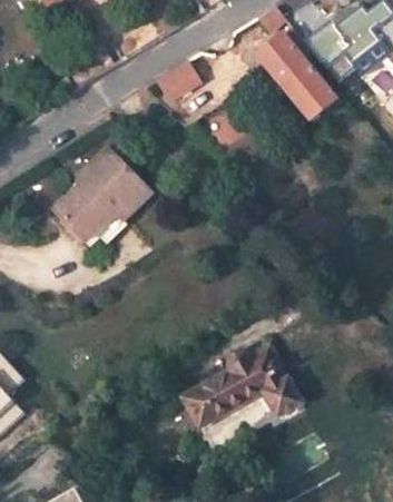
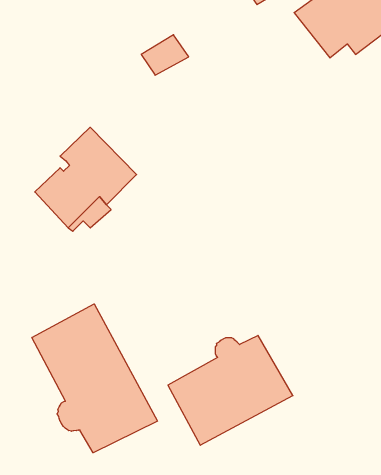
building: [253,29,334,117] -> none
building: none -> [32,304,157,453]

